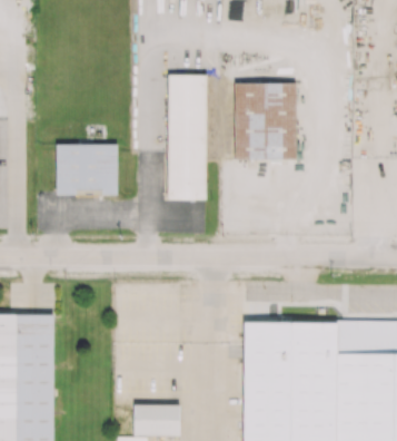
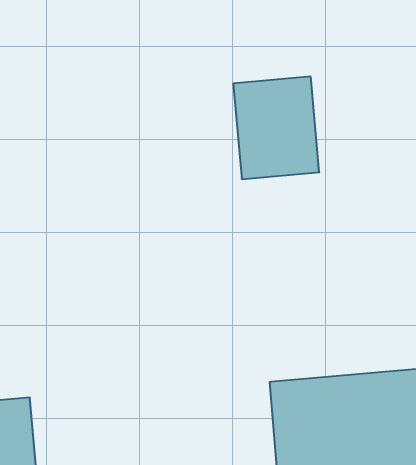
building: [167,75,206,199] -> none
building: [56,144,117,195] -> none

